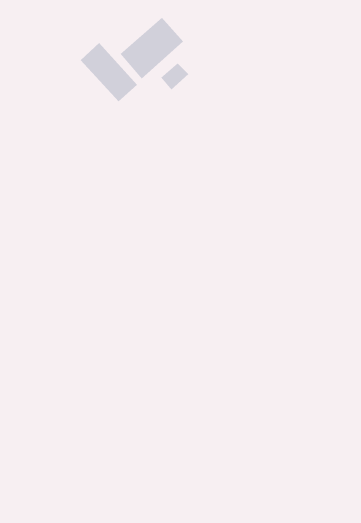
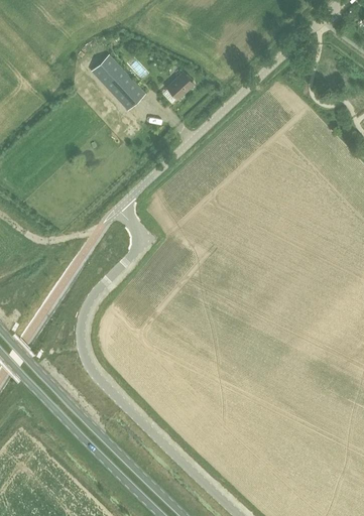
building: [119,17,184,79] -> none

